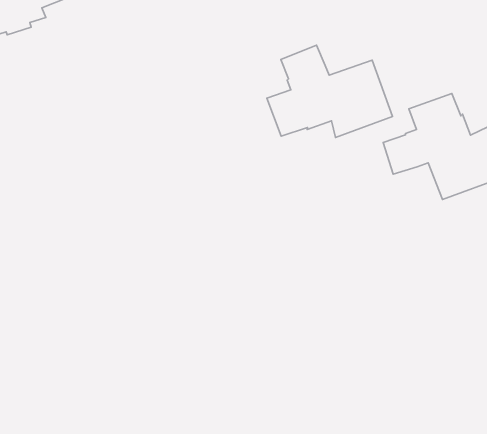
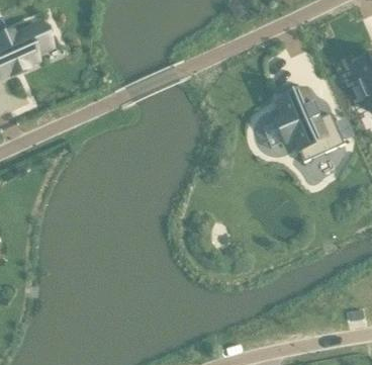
building: [267,45,393,137] -> none

